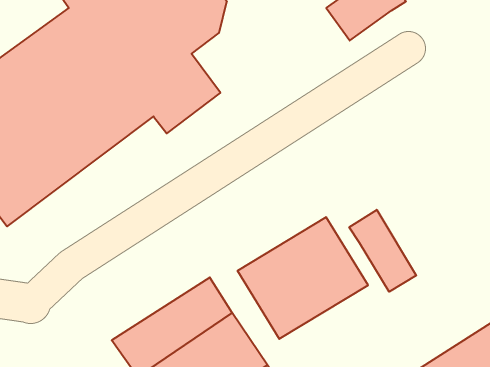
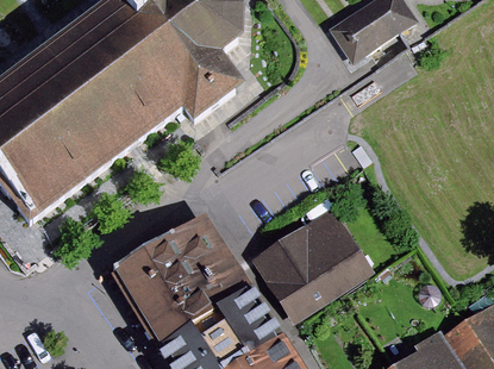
building: [349,210,416,292] -> none
building: none -> [105,211,227,320]

